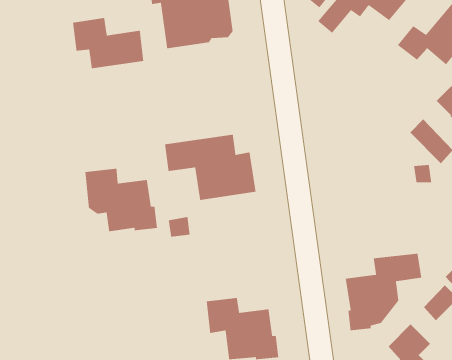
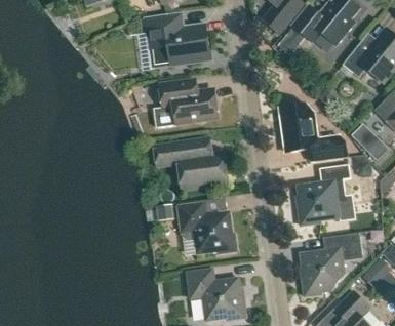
building: [72,17,144,69] -> [159,80,218,122]
building: none -> [279,104,347,161]
building: [84,168,158,232] -> [177,202,237,254]
building: none -> [297,164,350,226]

